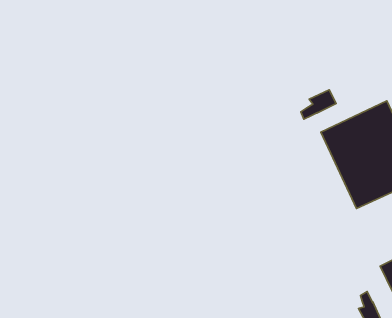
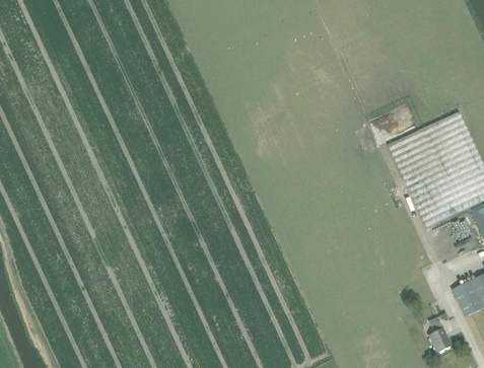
building: [301,90,336,119] -> none

